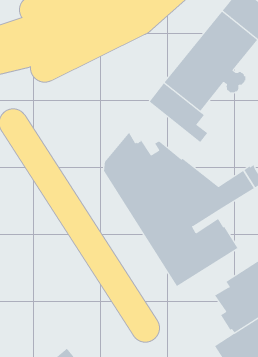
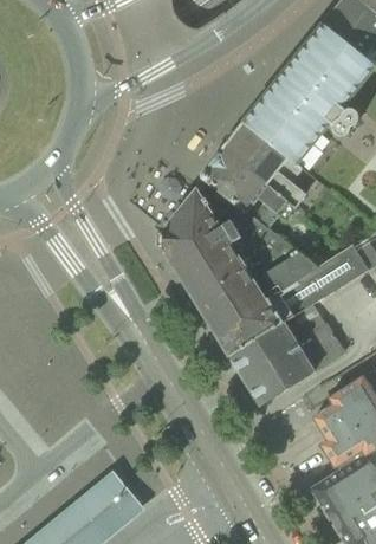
building: none -> [206,150,294,229]

